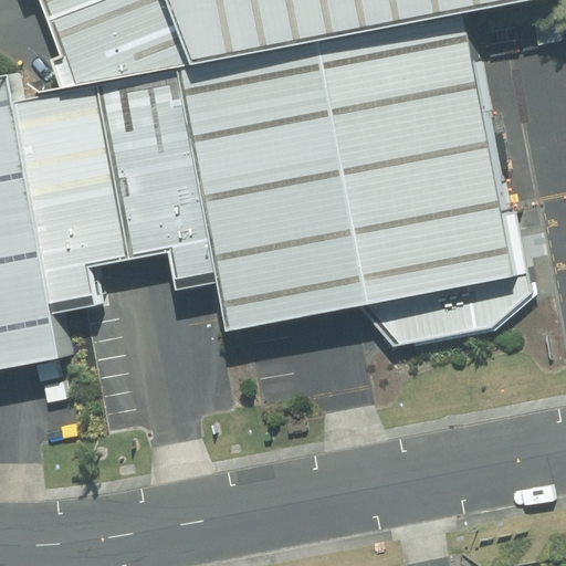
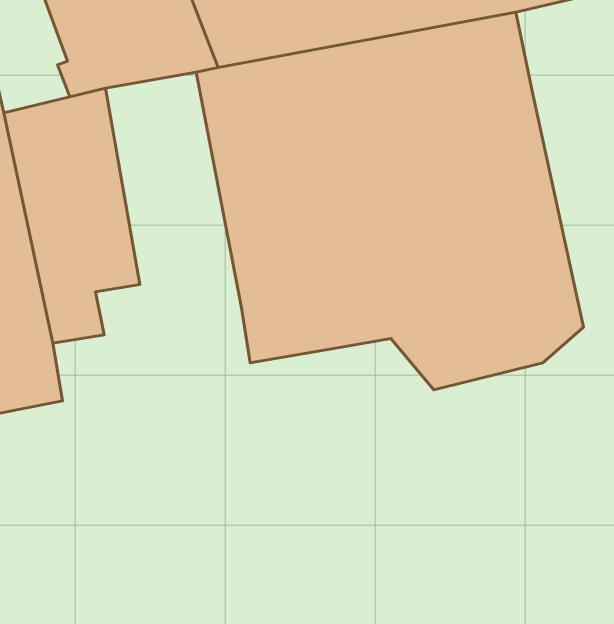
building: [95,65,218,285] -> none

